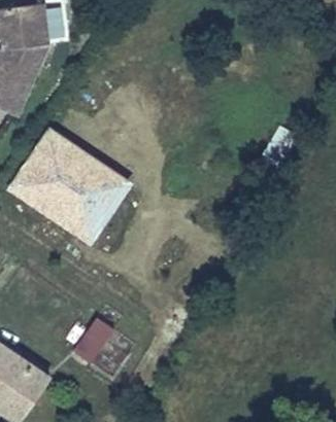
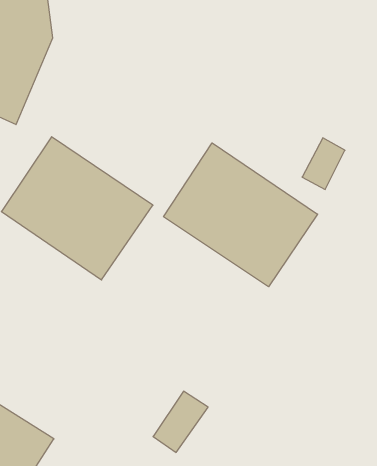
building: none -> [164,143,318,287]
building: [69,318,115,370] -> [153,391,208,452]

